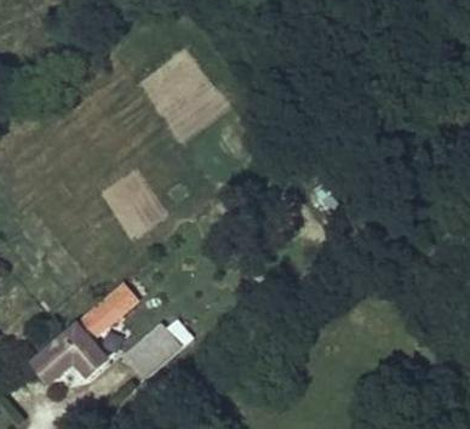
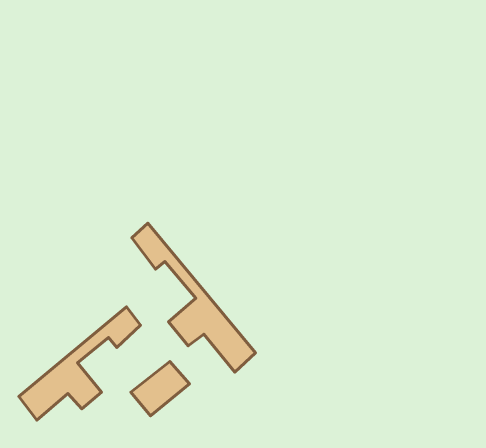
building: none -> [132,223,256,372]

